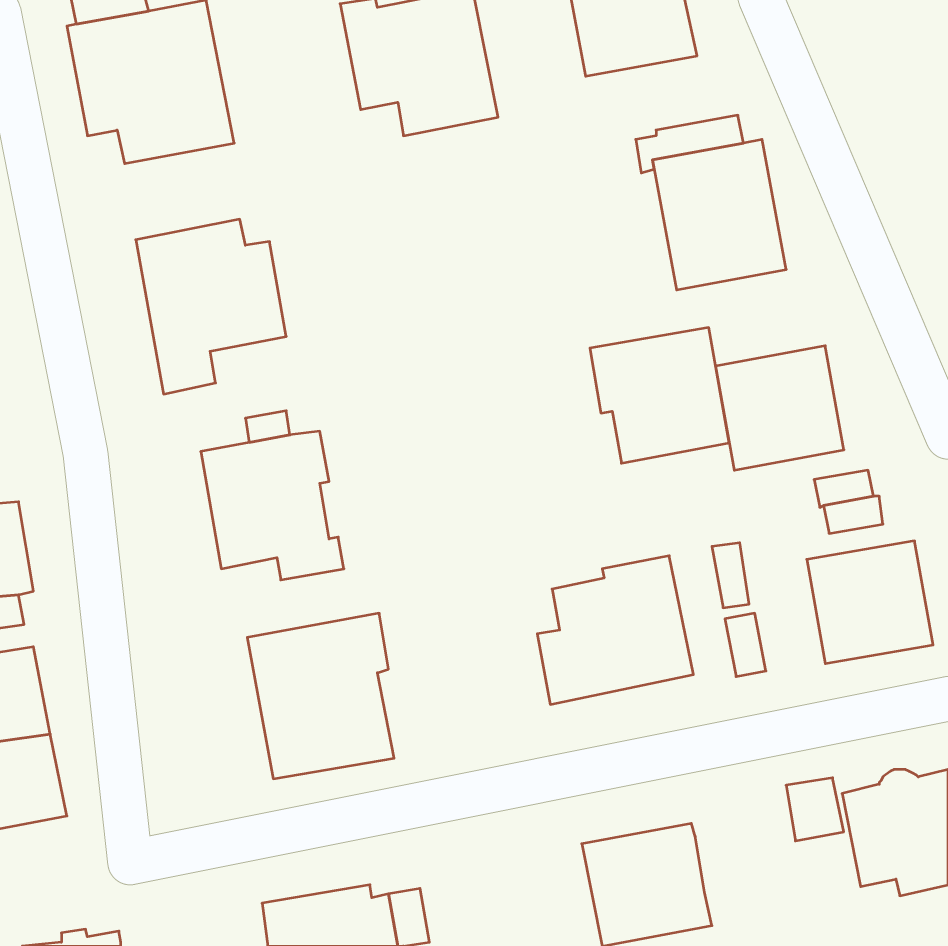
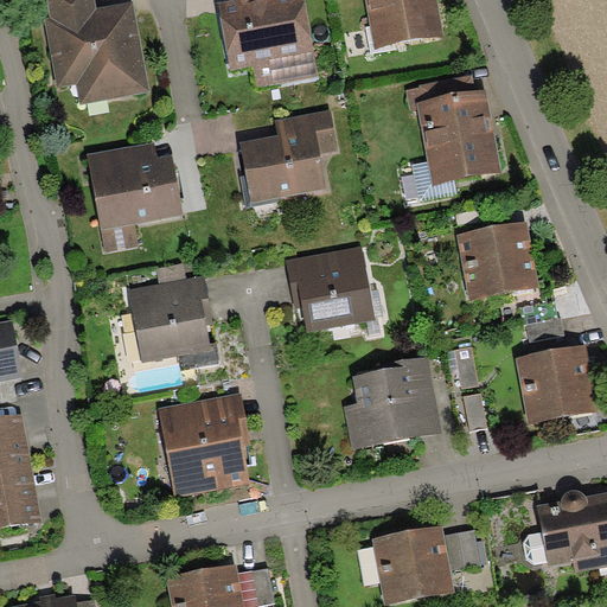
building: none -> [239,109,338,202]
building: [590,328,729,463] -> [286,245,375,332]
building: [786,778,844,841] -> [443,529,480,569]

